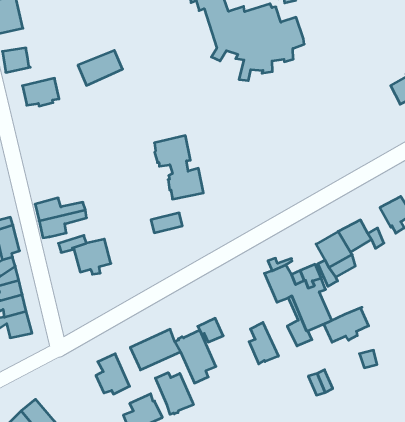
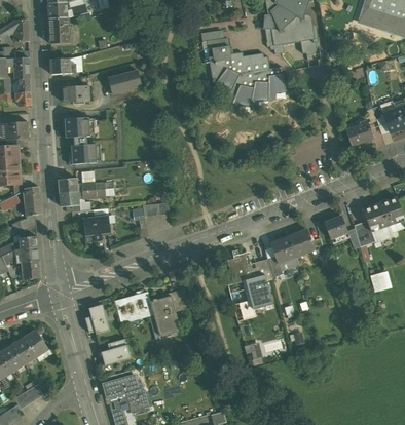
building: [154,136,203,199] -> [63,117,96,164]
building: [324,307,369,342] -> none
building: [249,322,278,364] -> none
building: [155,373,193,414] -> none

